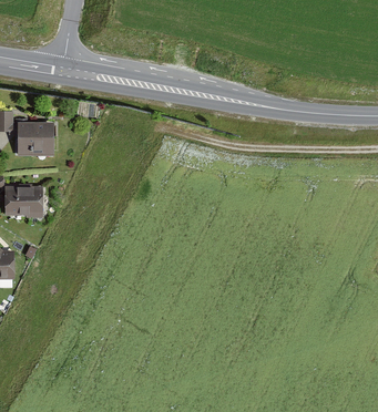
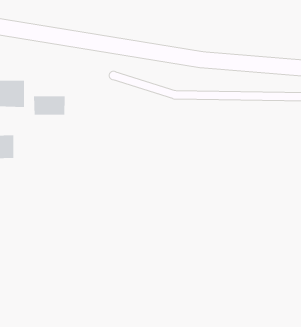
building: none -> [33,95,65,115]

